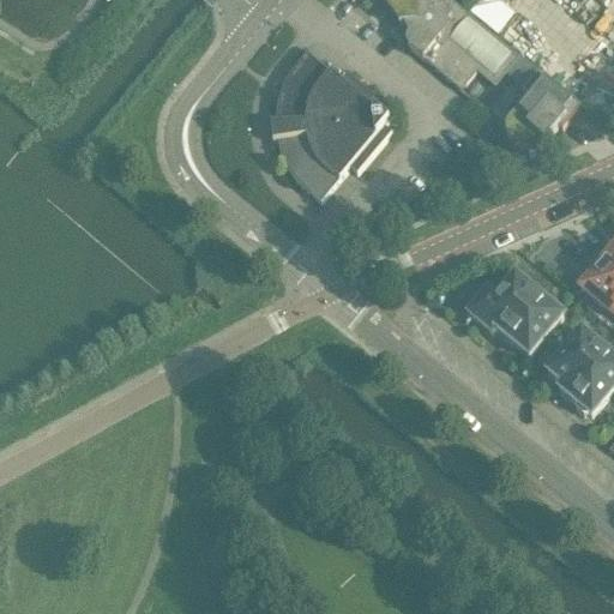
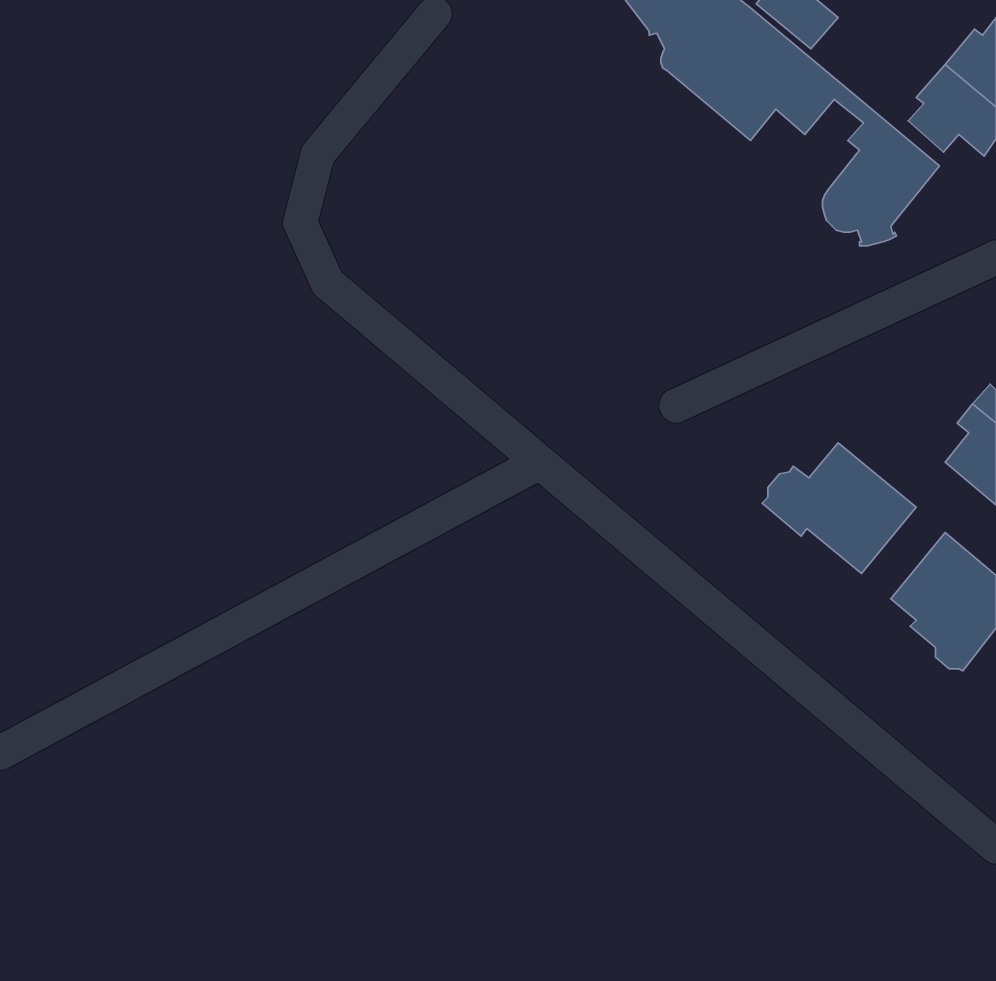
building: [272,49,392,199] -> none

